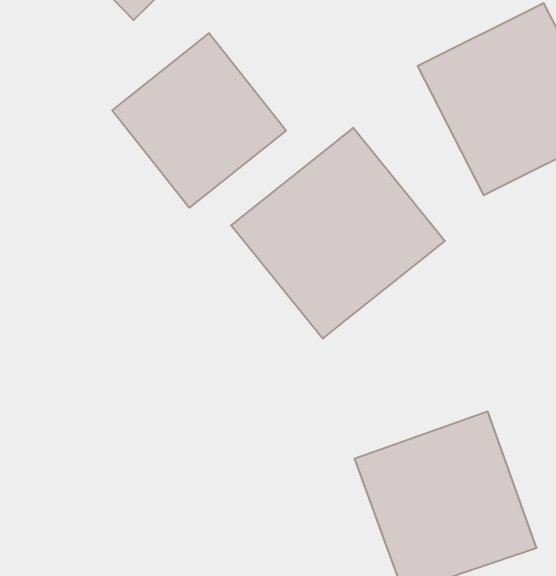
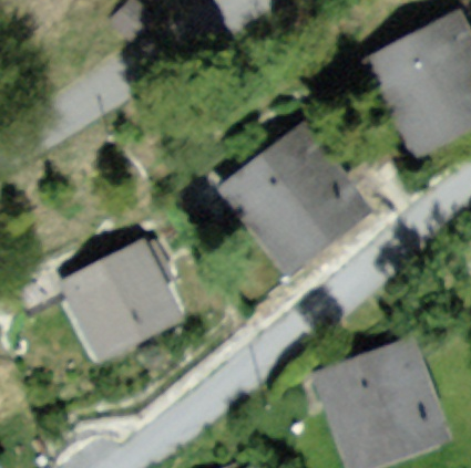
building: [112,33,286,208] -> none
building: none -> [60,241,186,364]

